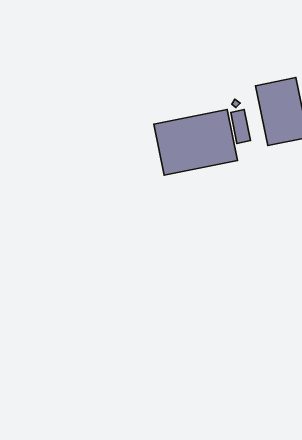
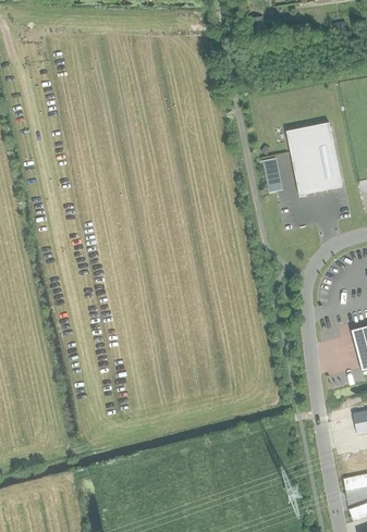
building: [154,109,237,175] -> none

